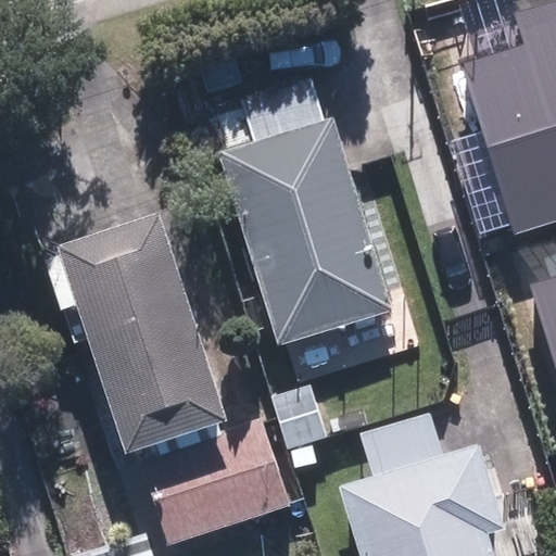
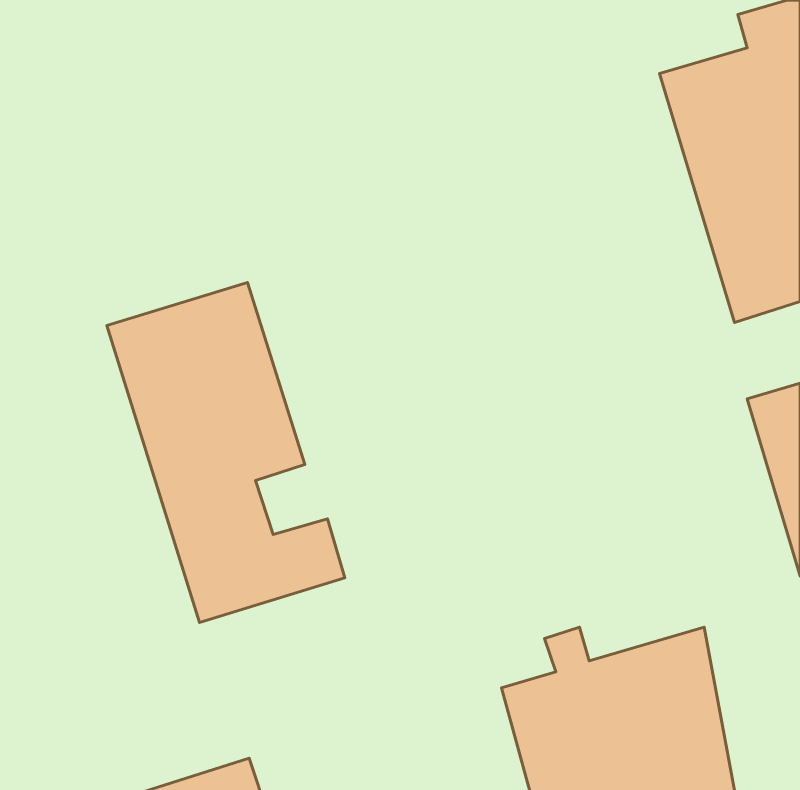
building: [225,124,381,340] -> none
building: [151,430,282,540] -> none

